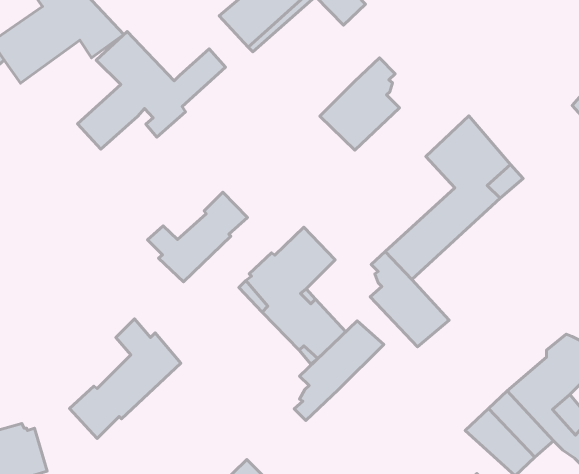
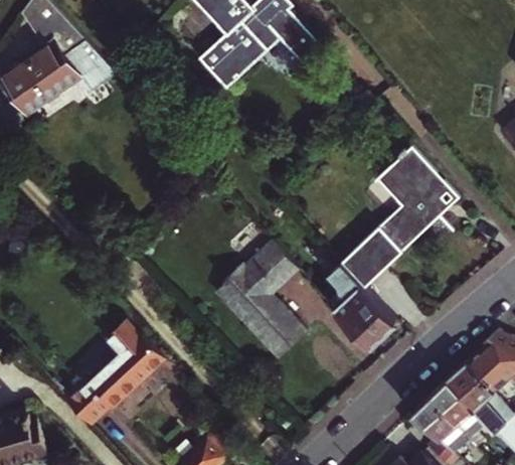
building: [77,31,226,149] -> none
building: [320,58,400,150] -> none
building: [147,192,248,282] -> none
building: [294,321,384,421] -> none

